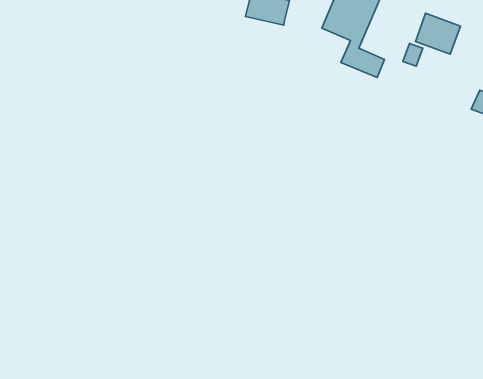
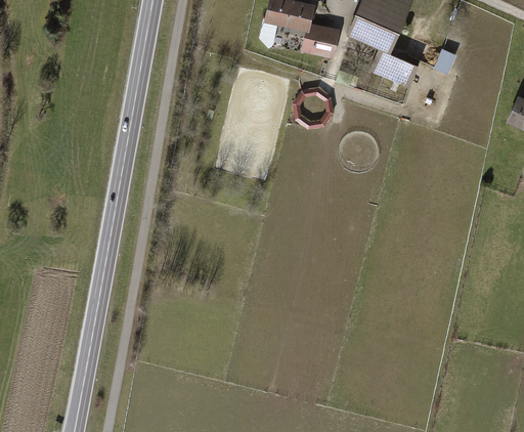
building: [415,13,460,54] -> none
building: none -> [302,25,334,55]

